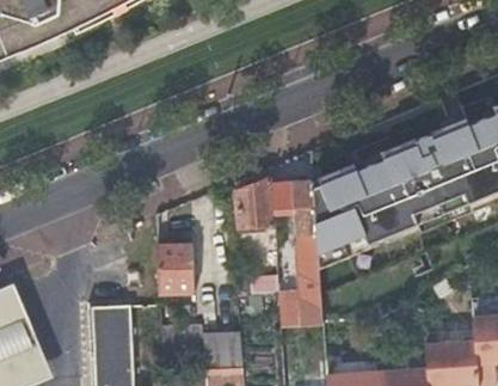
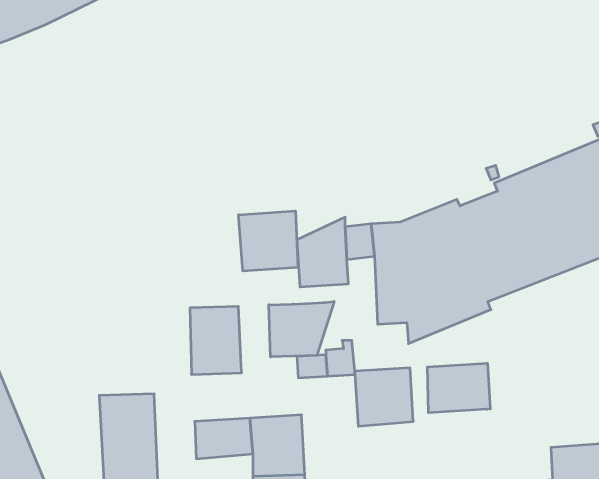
building: none -> [239,211,298,271]
building: none -> [269,301,334,357]
building: none -> [427,363,490,413]

